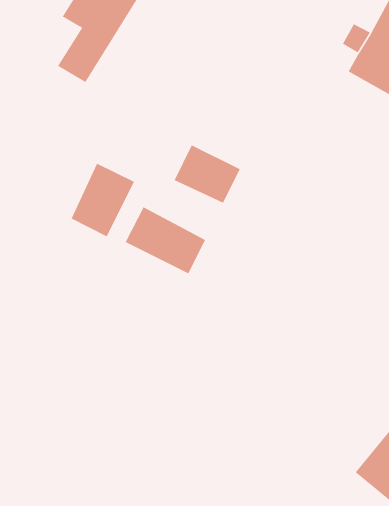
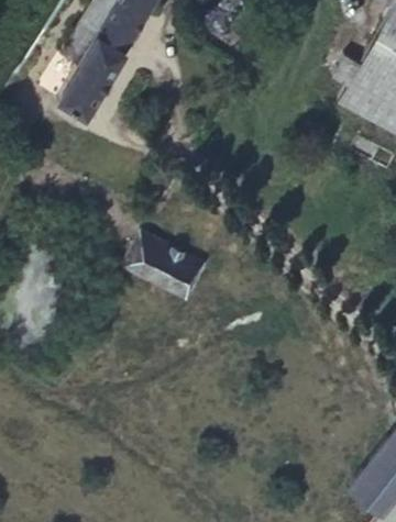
building: [174,144,240,203] -> none
building: [71,163,135,237] -> none

